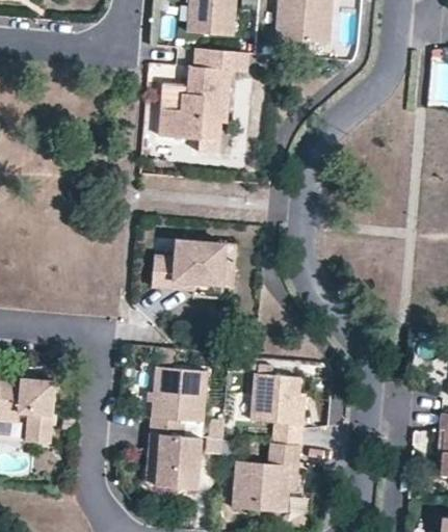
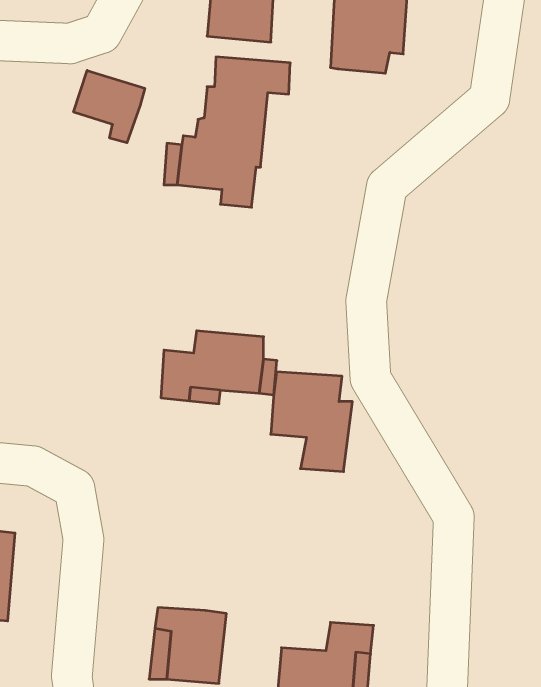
building: none -> [74,70,145,143]
building: [153,365,210,434] -> none
building: [253,375,310,445] -> [271,372,352,472]

